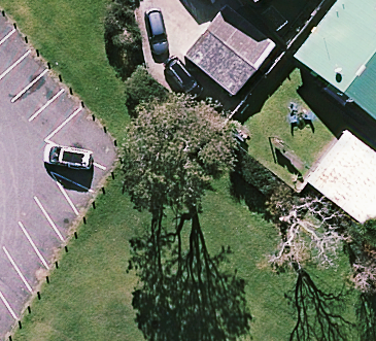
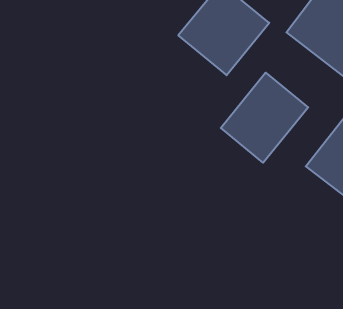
building: none -> [221,73,308,163]

